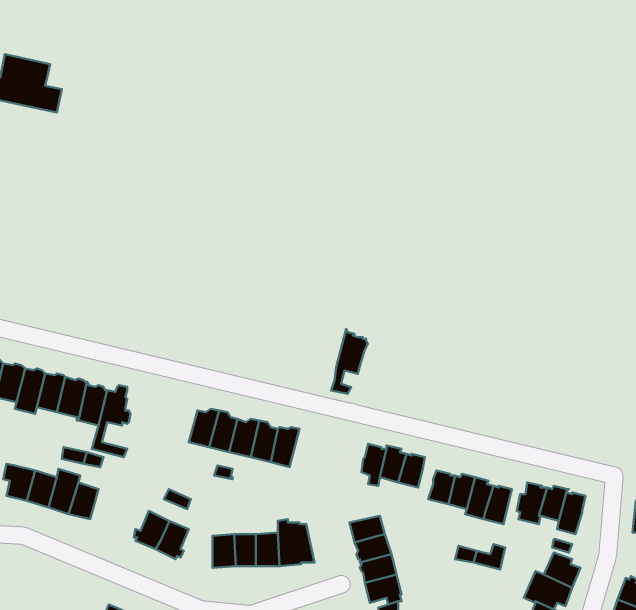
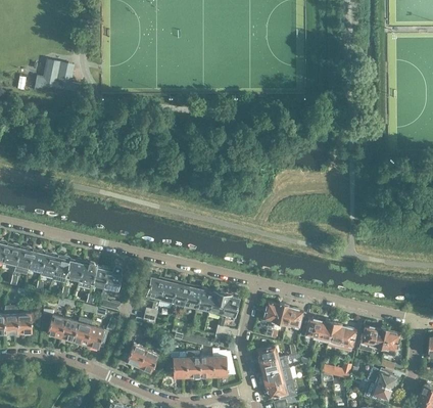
building: [331,329,368,394] -> [218,292,240,332]
building: none -> [146,278,164,316]

